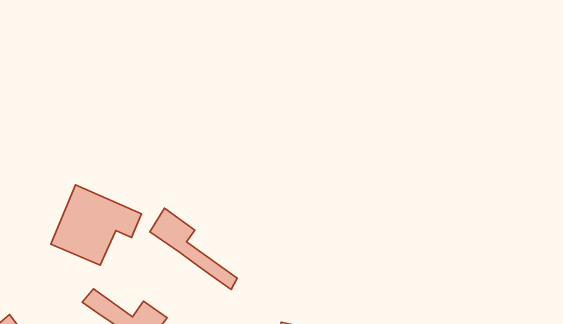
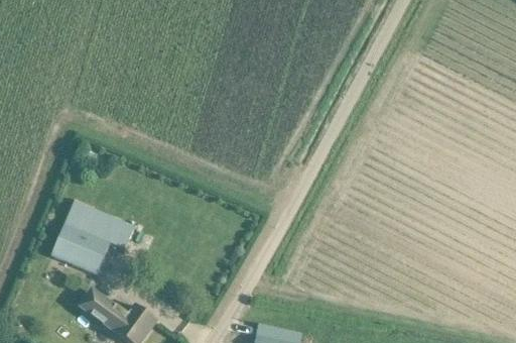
building: [150,208,237,290] -> none

